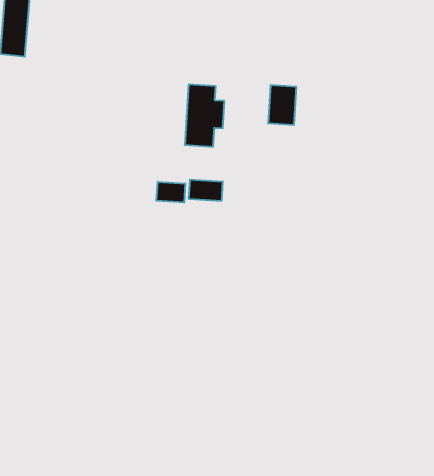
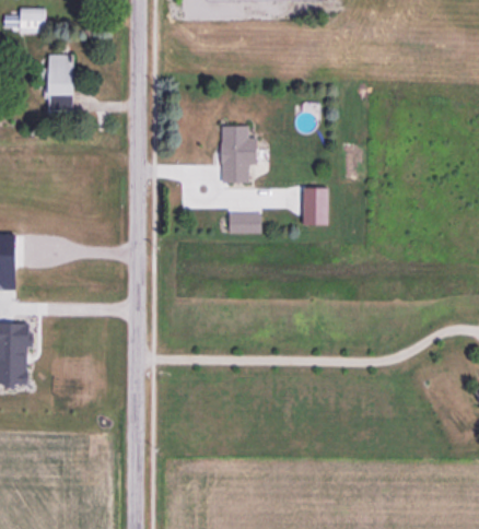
building: [268,85,296,125] -> [303,189,327,224]
building: [157,182,185,203] -> none

